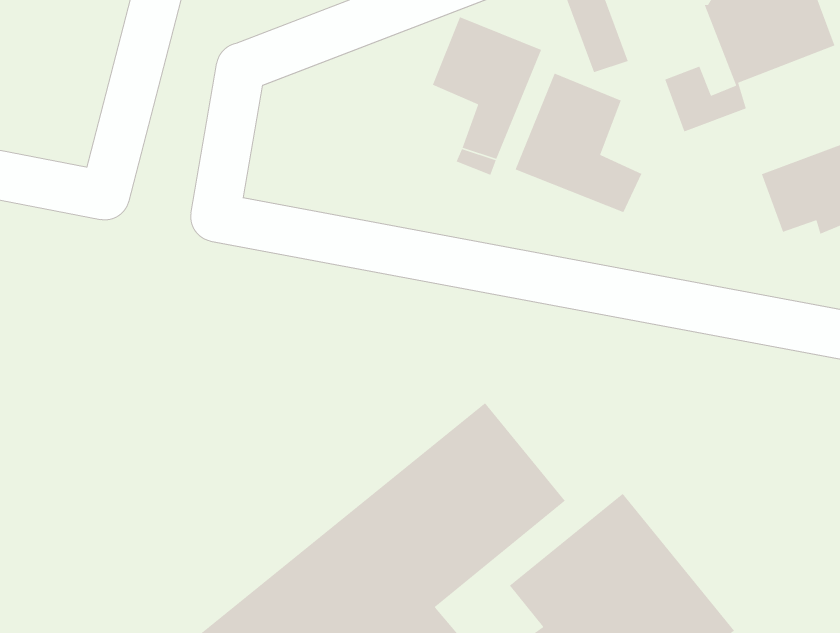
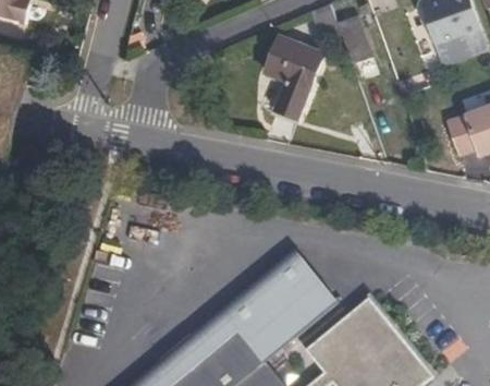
building: [515,72,642,213] -> none

